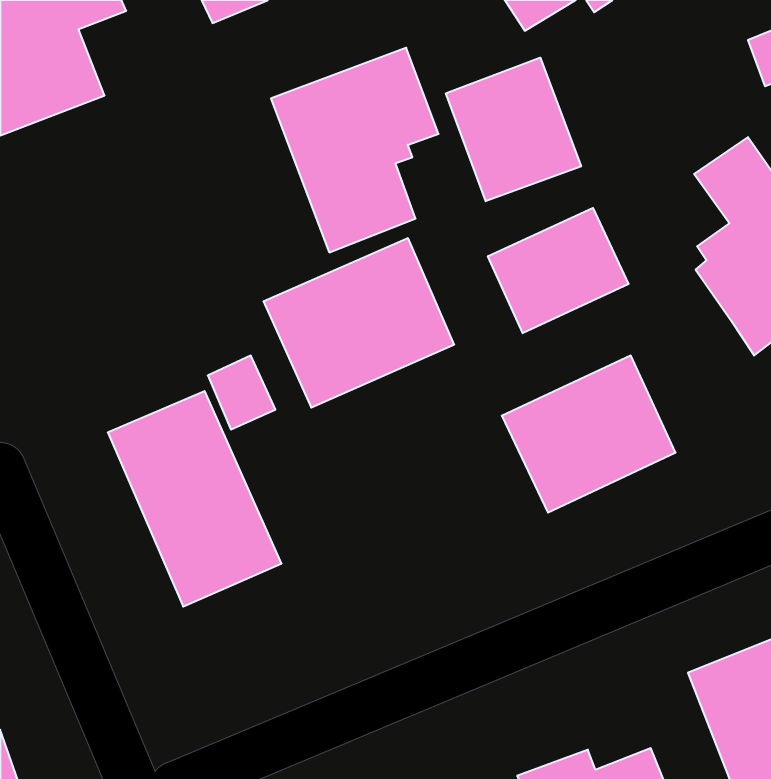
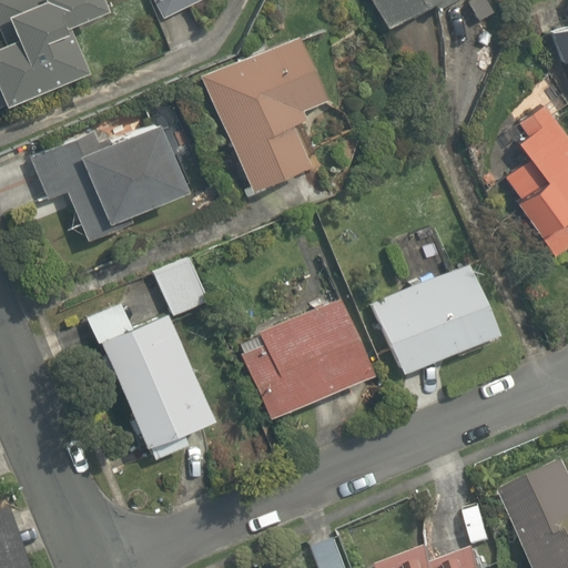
building: [446,58,581,201] -> none
building: none -> [31,124,183,248]
building: [488,208,629,333] -> none
building: [263,238,454,408] -> [235,296,373,418]

